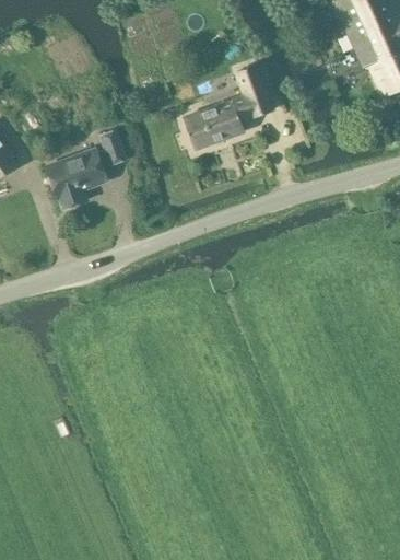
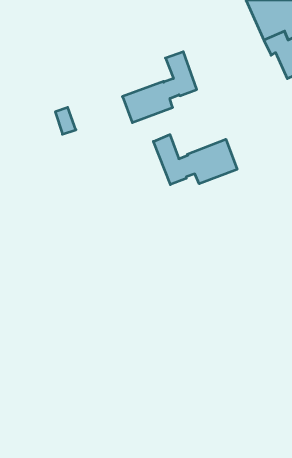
building: [46,149,107,209] -> none
building: none -> [153,135,237,185]

